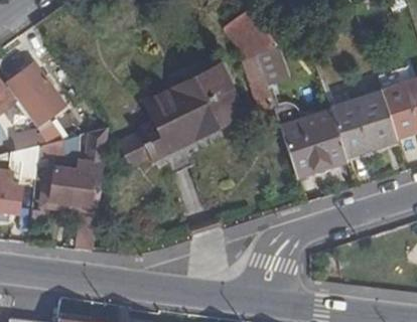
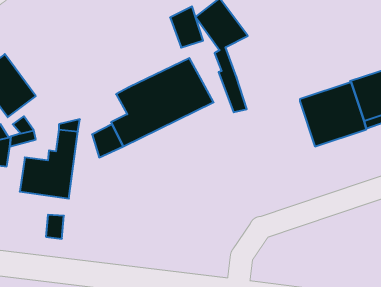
building: [255,45,288,87] -> [170,6,203,48]
building: [279,111,345,173] -> none

